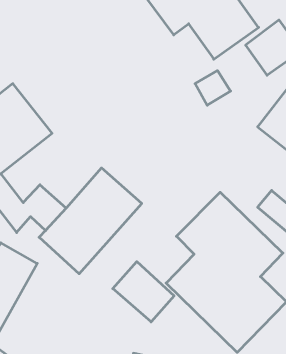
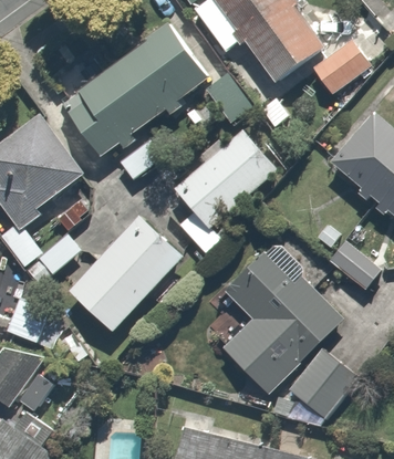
building: none -> [61,23,211,157]
building: none -> [174,127,281,259]
building: [113,262,174,322] -> none

